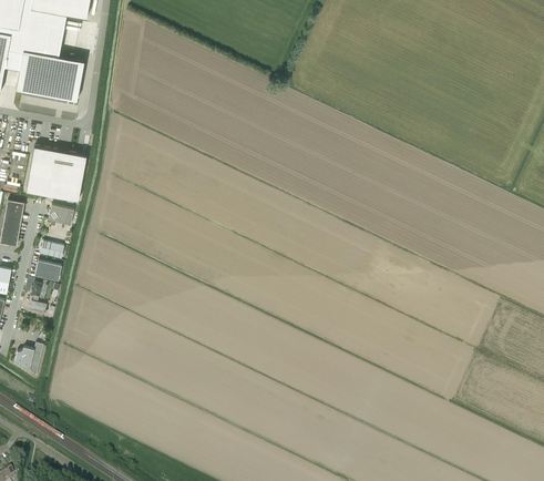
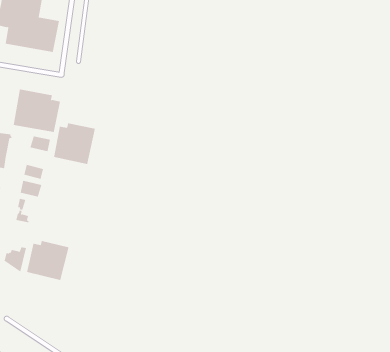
building: none -> [53,123,95,165]
building: none -> [27,240,69,281]

